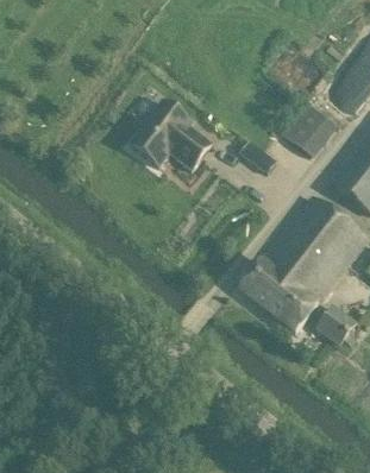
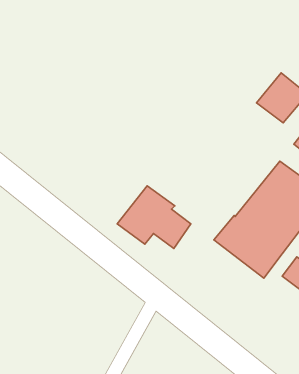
building: [130,100,212,170] -> [117,186,191,248]

